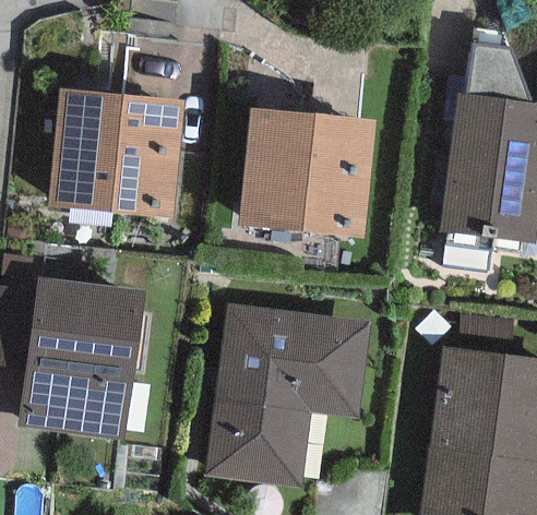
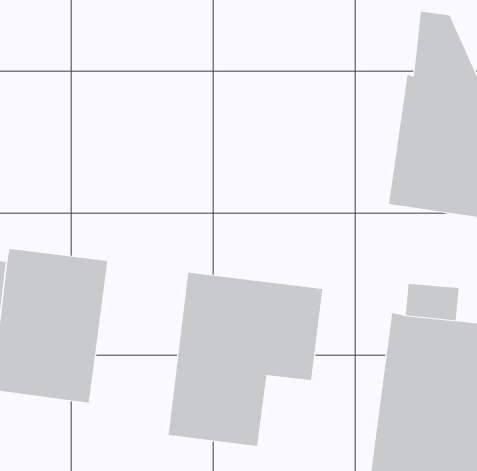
building: [50,88,184,218] -> none
building: [240,108,378,238] -> none

